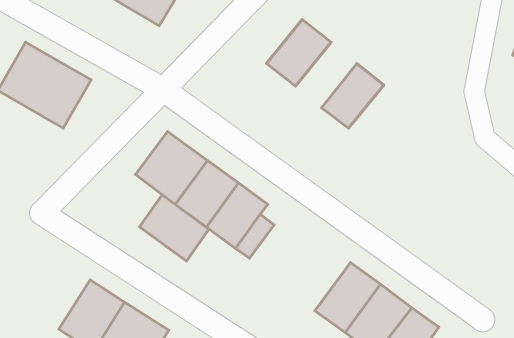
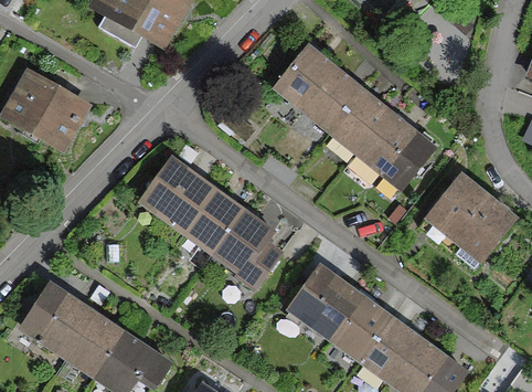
building: none -> [304,65,366,133]
building: none -> [358,109,439,191]
building: none -> [423,169,519,263]
building: [139,195,209,261] -> none
building: none -> [284,263,360,341]
building: none -> [14,280,93,360]

